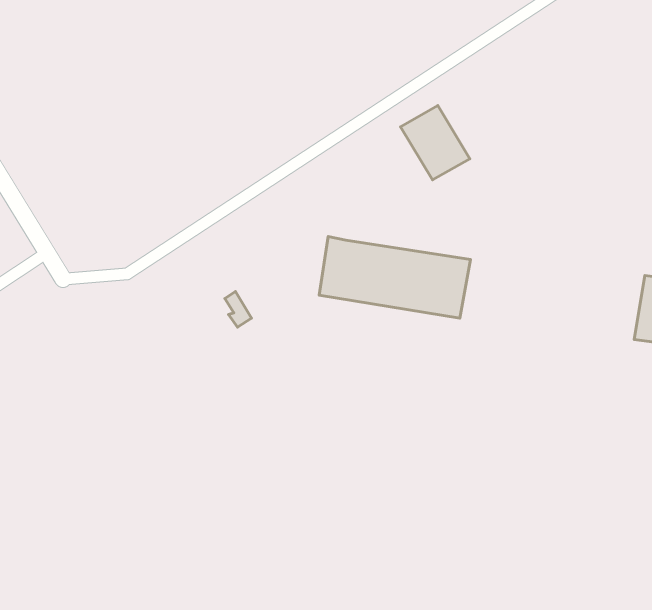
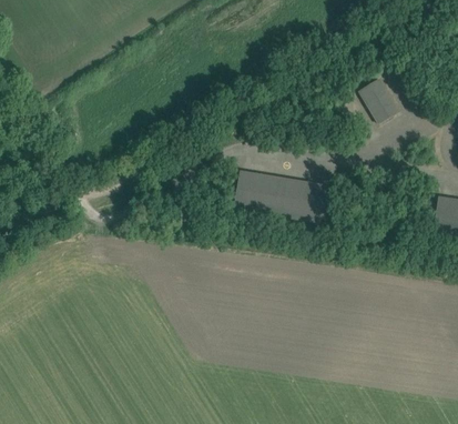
building: [400,105,470,180] -> [357,77,400,123]

